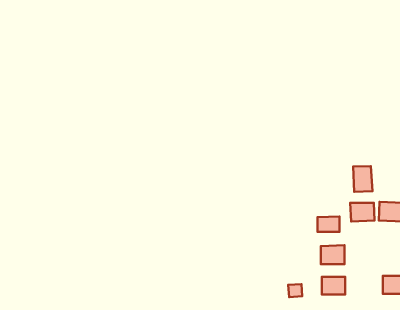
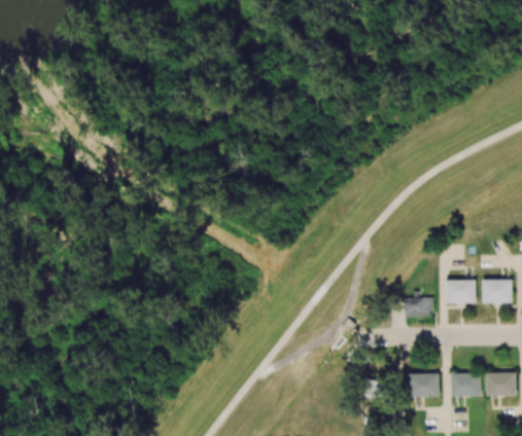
building: [353,166,373,192] -> none
building: [321,245,344,264] -> [451,372,481,396]

